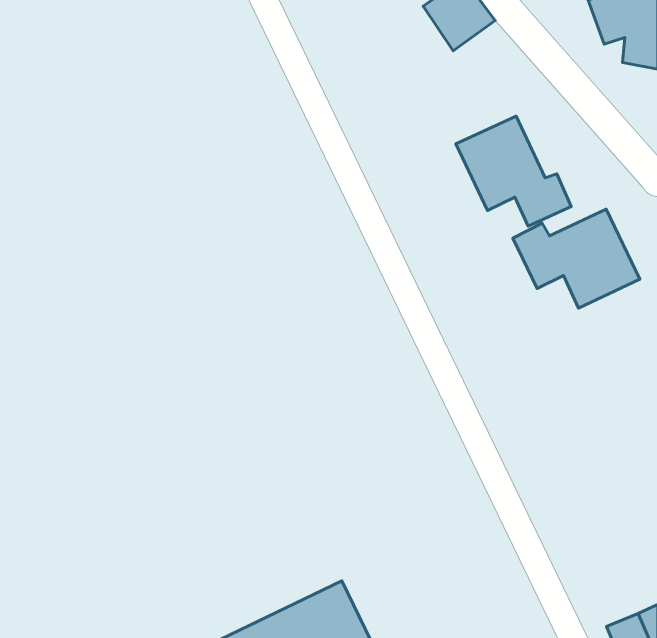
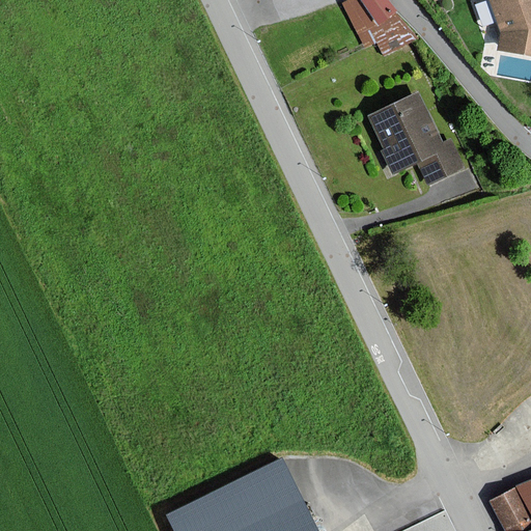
building: [513,209,640,308] -> none

